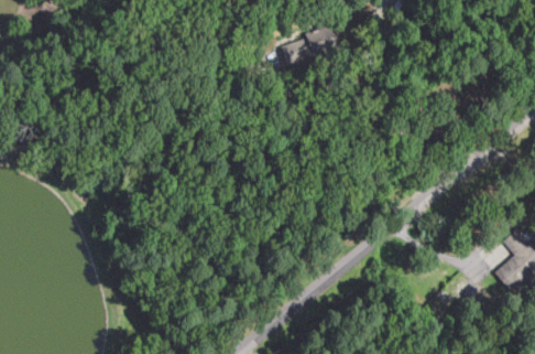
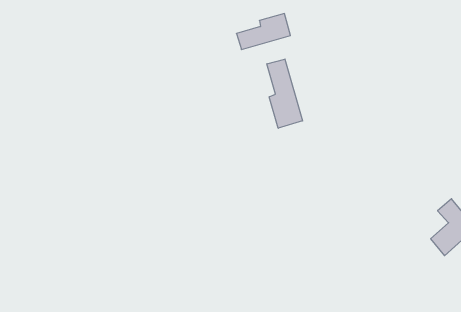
building: none -> [267,59,303,128]

